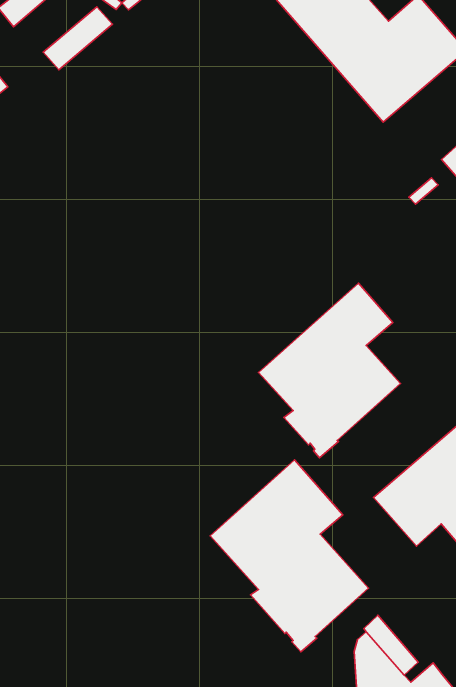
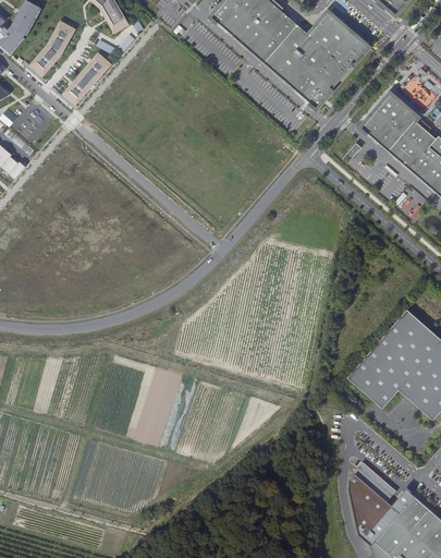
building: [258,283,401,458] -> none
building: [210,460,368,652] -> none

